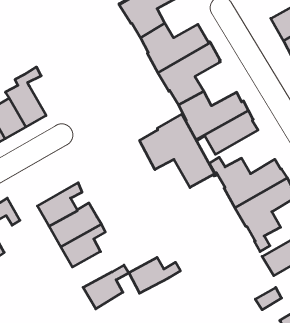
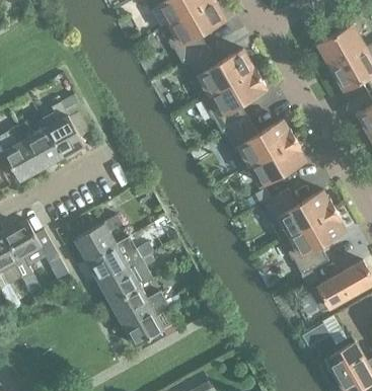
building: [140,114,216,188] -> none
building: [129,257,180,293] -> [111,287,165,324]

